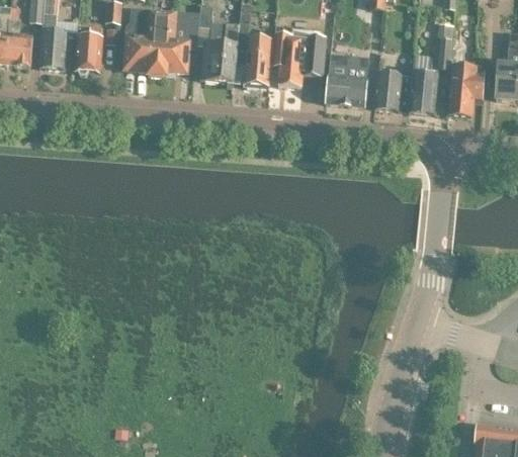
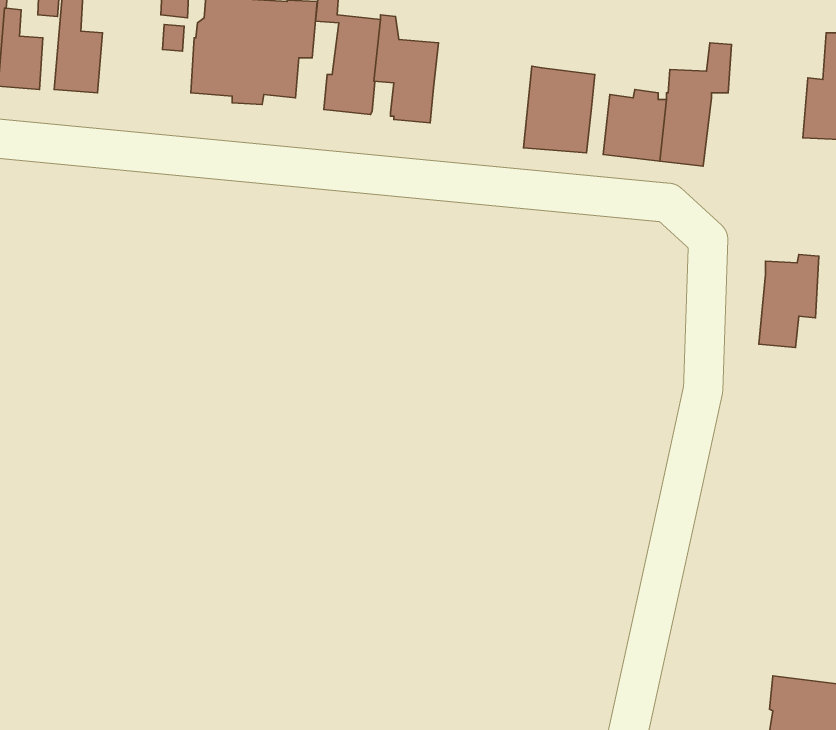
building: [76,25,103,72] -> none
building: [272,32,326,88] -> none
building: [449,61,486,117] -> [759,254,819,348]

